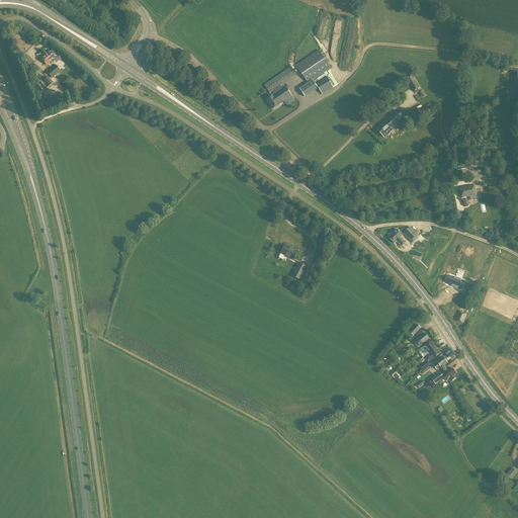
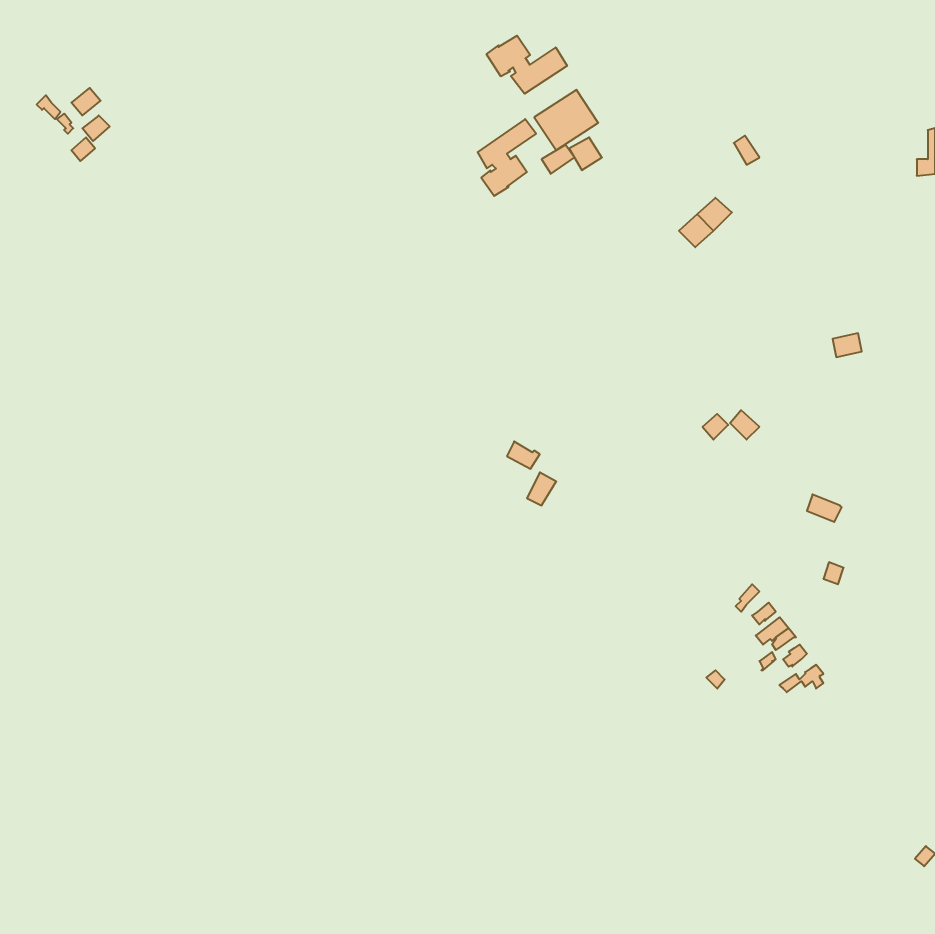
building: none -> [487,36,567,94]

